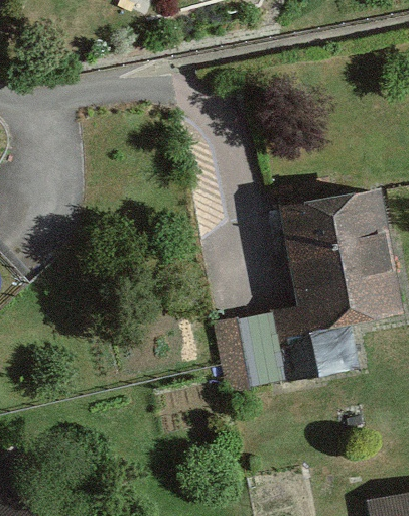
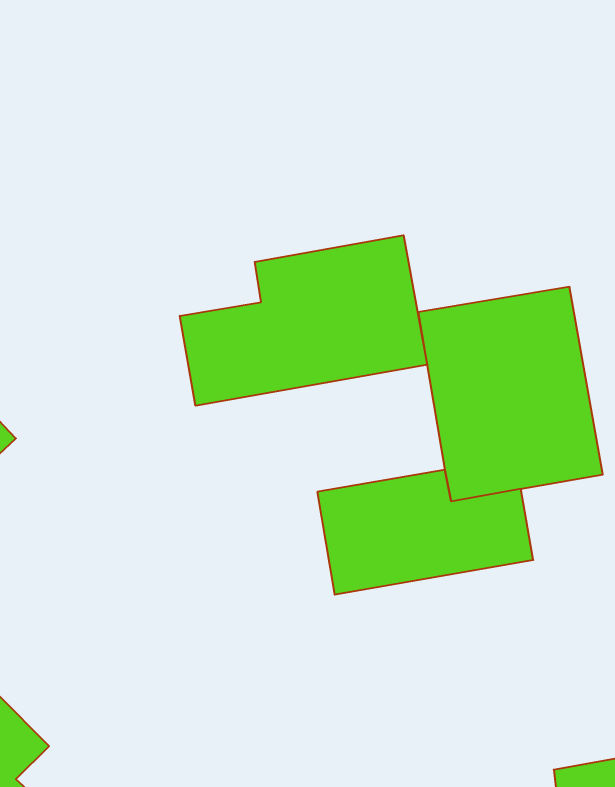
building: none -> [180,235,427,406]

